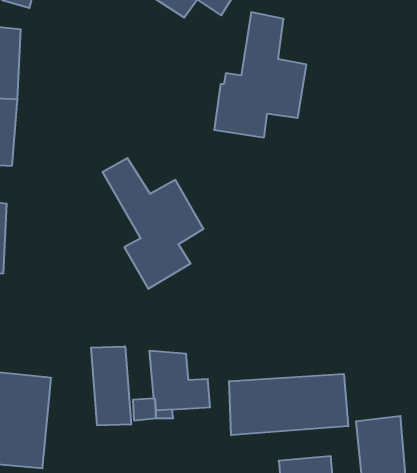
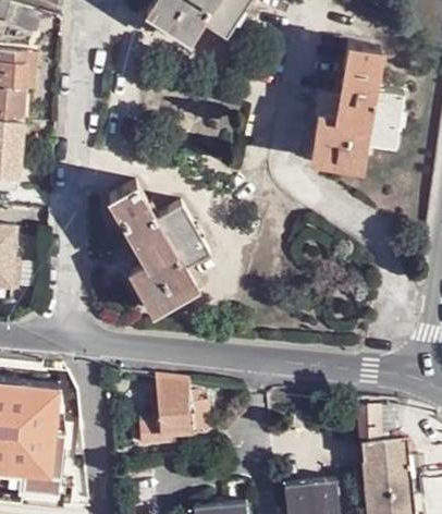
building: [214,12,306,137] -> [310,40,403,166]
building: [91,346,131,425] -> none
building: [229,374,348,435] -> none

